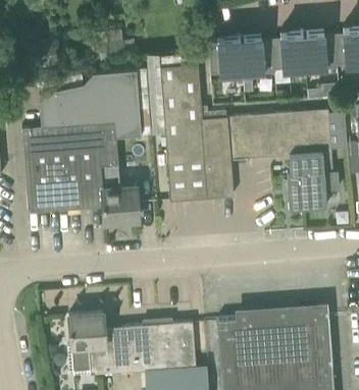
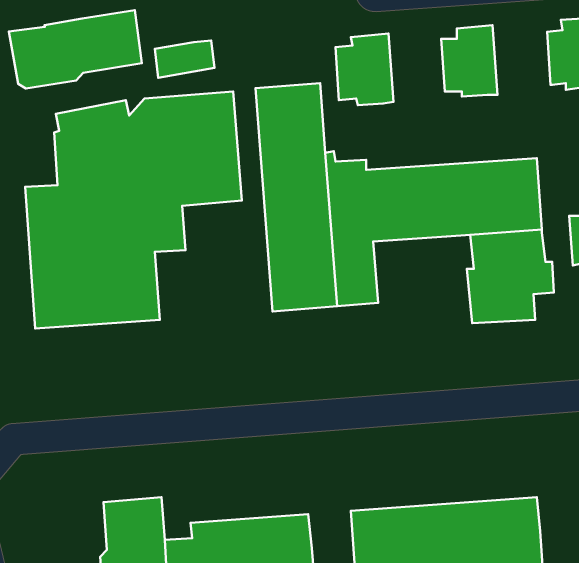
building: none -> [9,10,142,88]
building: [301,30,337,72] -> none
building: [239,35,274,76] -> none
building: [99,165,139,223] -> none

